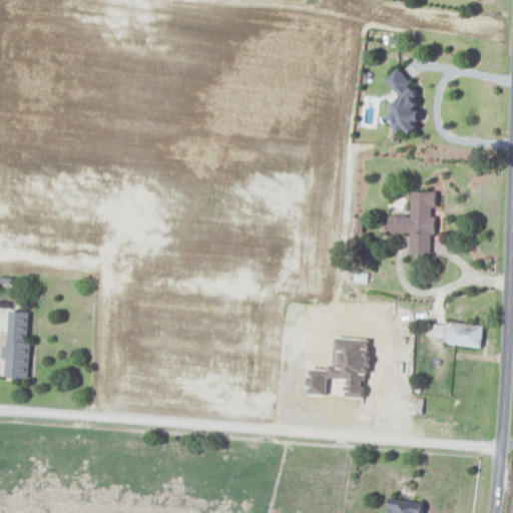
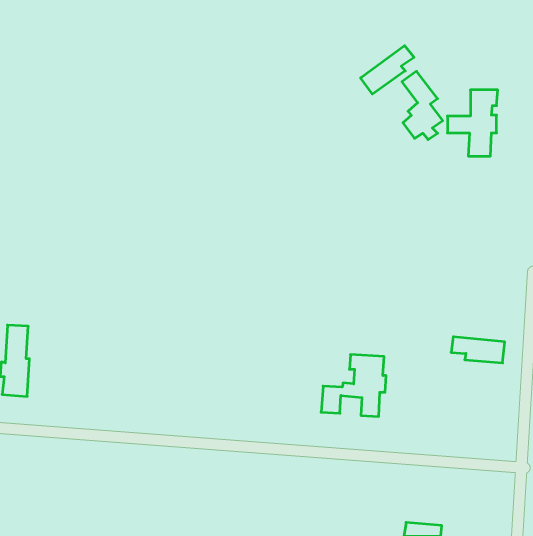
building: none -> [361,46,414,94]
building: [388,191,436,254] -> [447,90,498,156]

